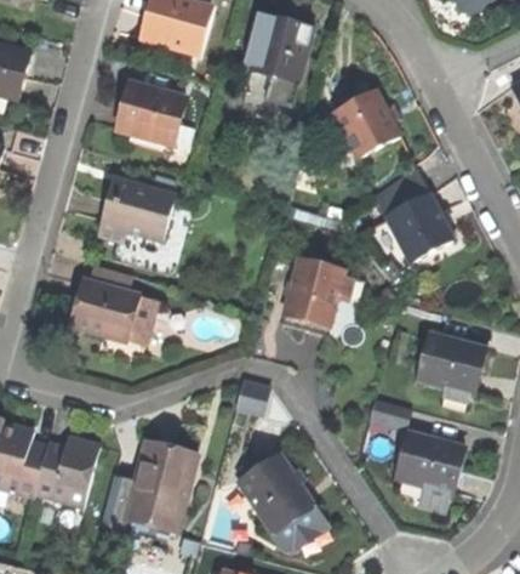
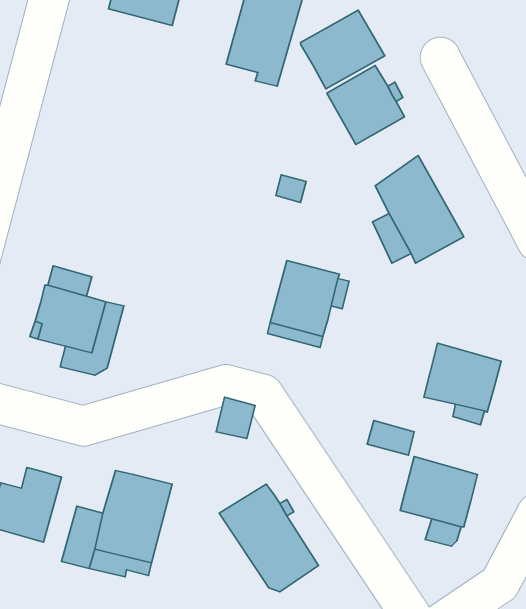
building: none -> [301,10,385,89]
building: [116,80,184,152] -> none
building: [97,177,173,240] -> none

